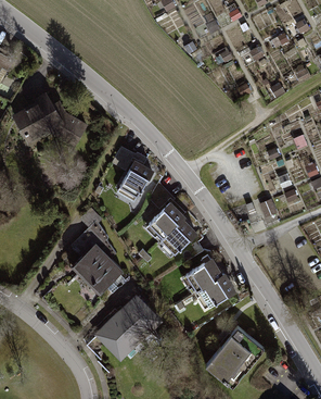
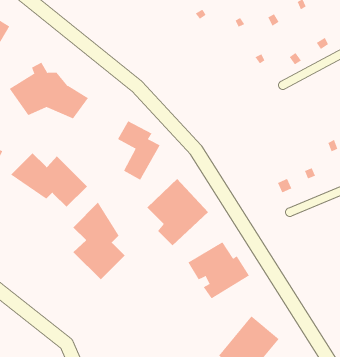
building: none -> [10,152,88,208]
building: [97,296,160,360] -> none

